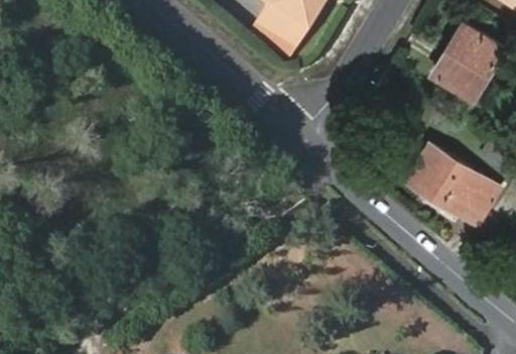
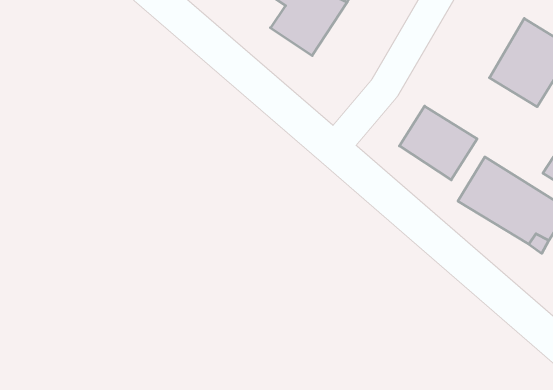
building: none -> [399,106,477,180]

